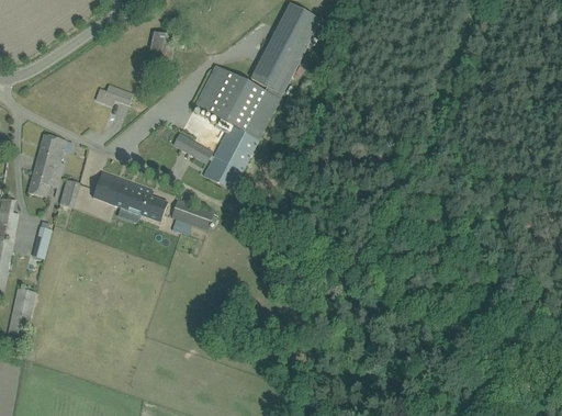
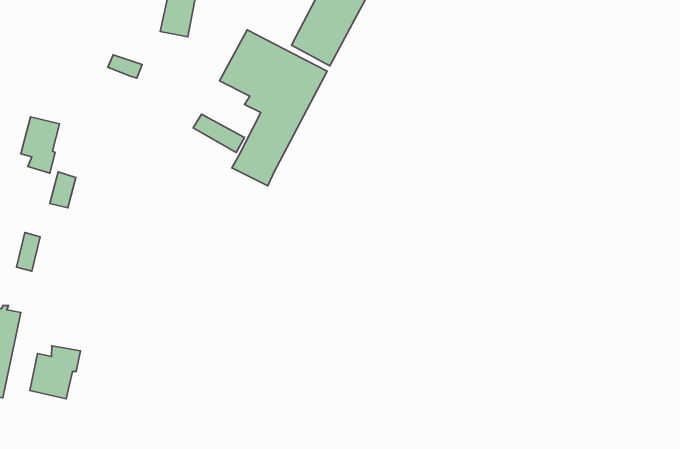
building: [27,164,58,196] -> none
building: [92,171,167,221] -> none
building: [170,199,213,232] -> none
building: none -> [30,346,80,399]

